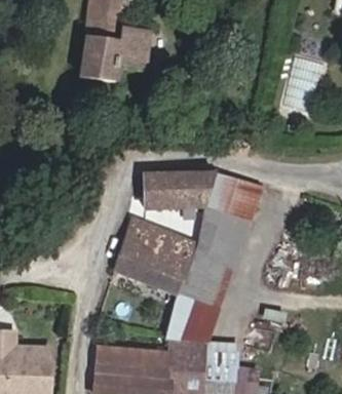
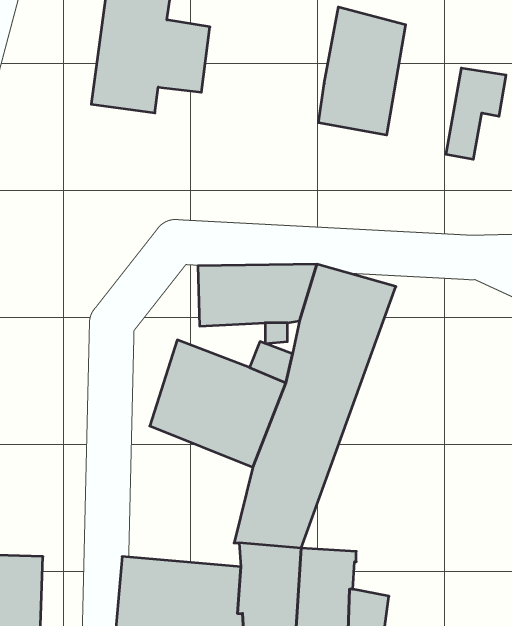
building: none -> [318,7,406,135]

